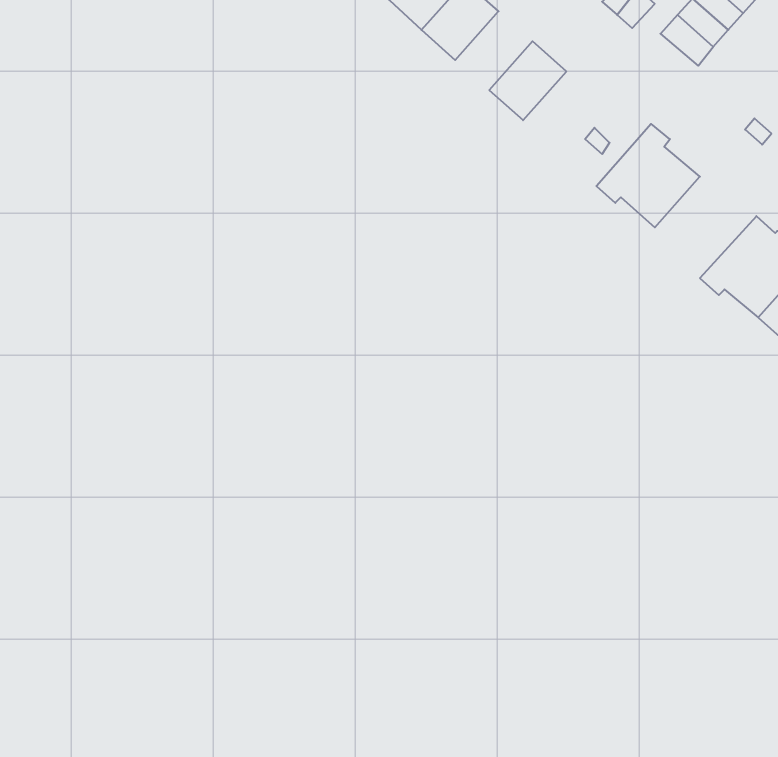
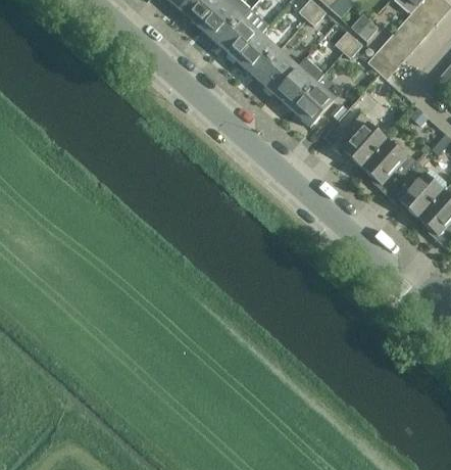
building: none -> [255,49,297,92]
building: none -> [292,82,334,125]
building: none -> [363,139,418,194]

